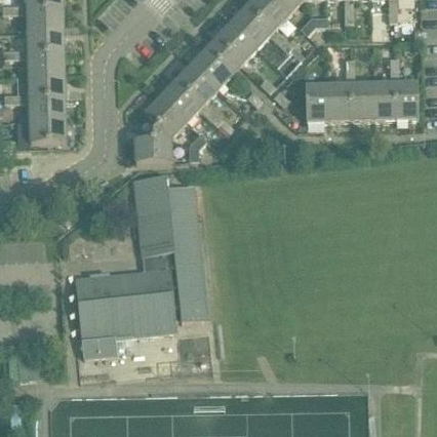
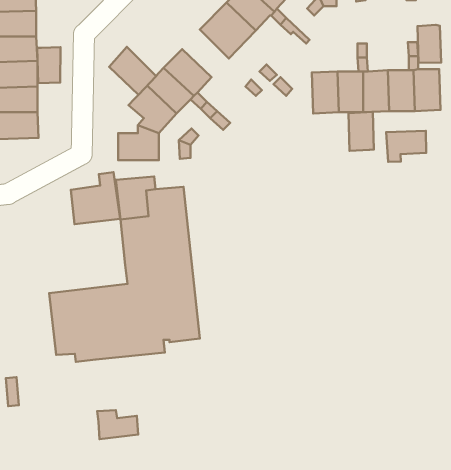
building: none -> [417,25,441,63]
building: [191,46,232,88] -> [109,47,156,95]
building: none -> [37,47,60,83]
building: none -> [348,112,374,151]
building: none -> [386,131,426,162]
building: none -> [71,172,120,224]
building: [80,331,116,357] -> [97,410,138,439]

